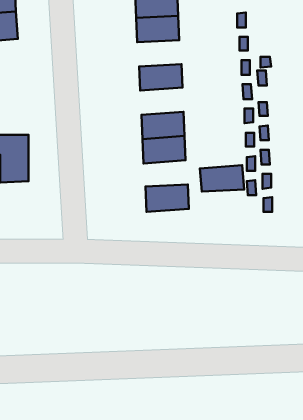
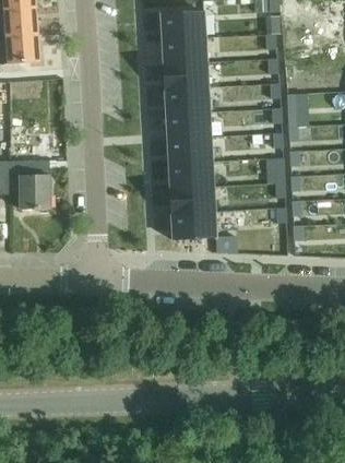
building: none -> [162,62,207,90]
building: none -> [165,111,210,140]
building: [200,165,244,192] -> [168,187,214,214]

